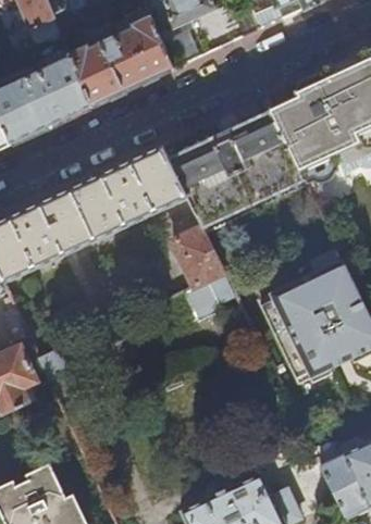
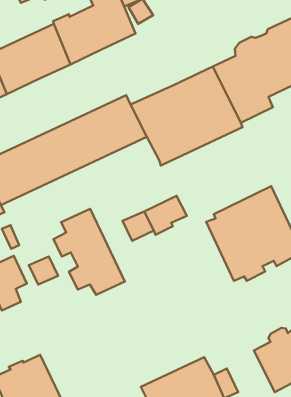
building: [173,226,224,285] -> none
building: none -> [53,209,125,295]

